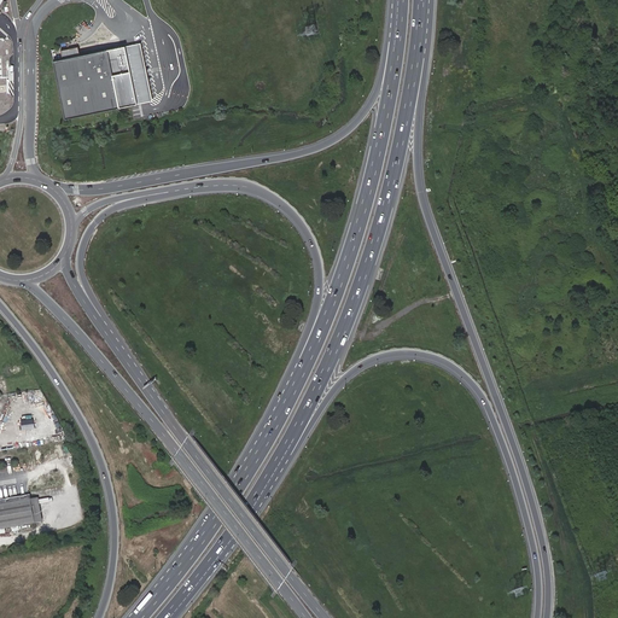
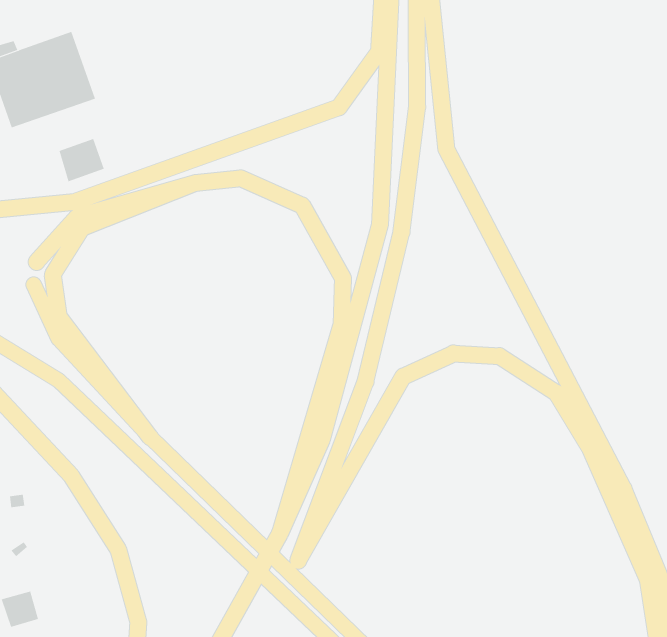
building: none -> [59,138,104,182]

